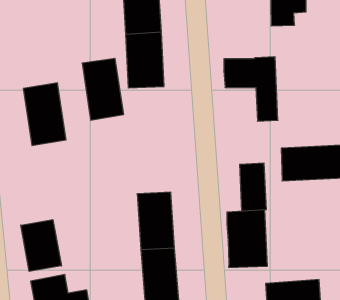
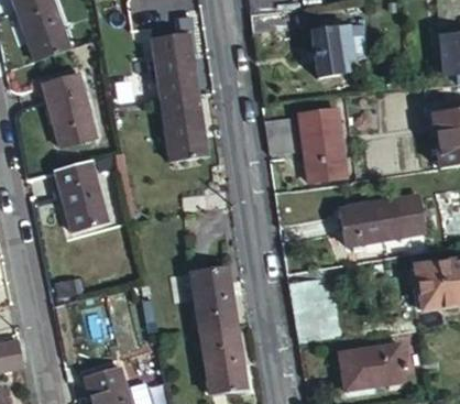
building: [82,58,124,120] -> [36,79,87,149]
building: [240,163,266,211] -> none
building: [21,220,61,271] -> none

